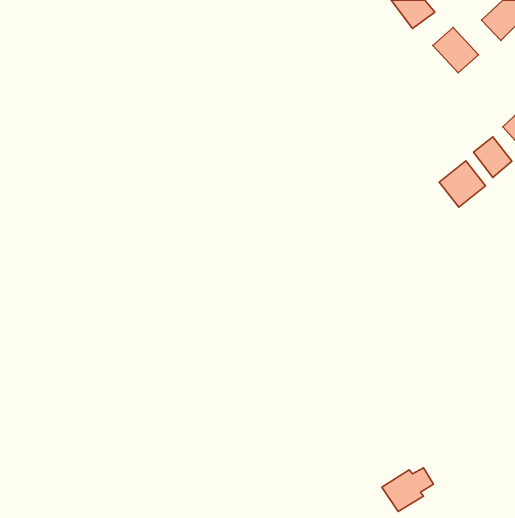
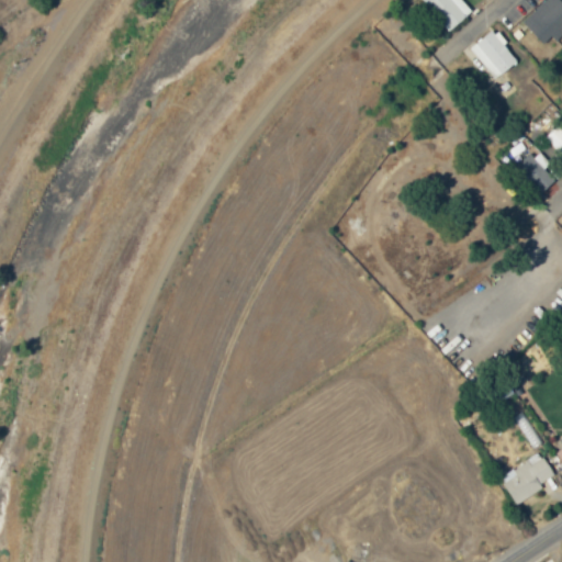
building: [439,161,485,207] -> none
building: [382,468,434,511] -> [497,458,553,505]

